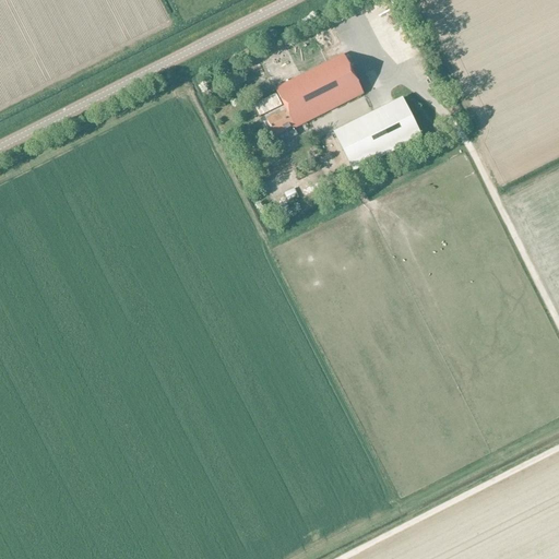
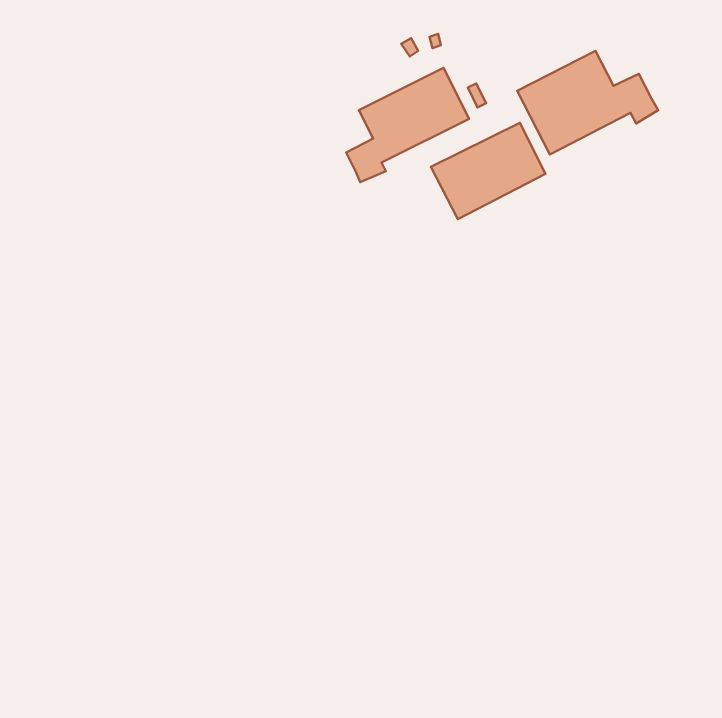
building: none -> [517,51,658,154]

